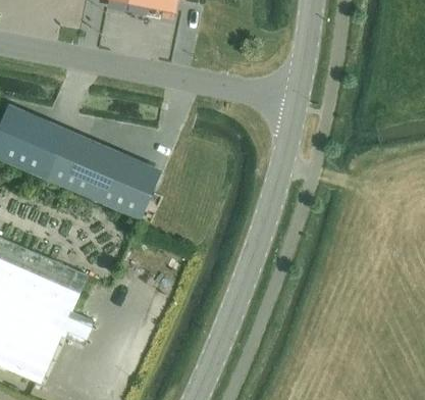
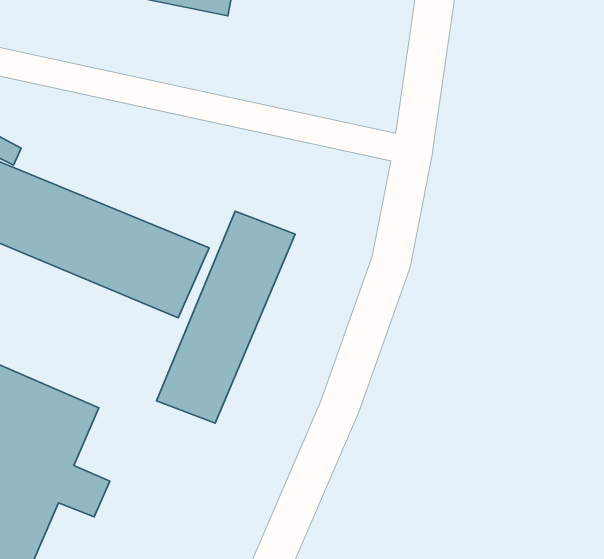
building: none -> [156,211,295,423]

